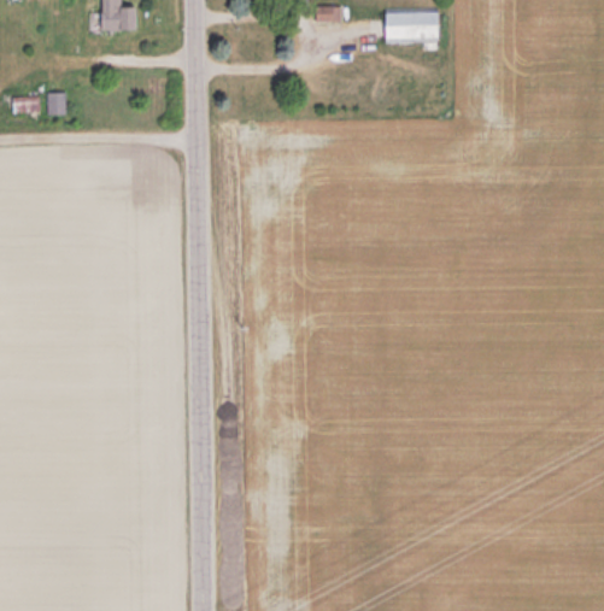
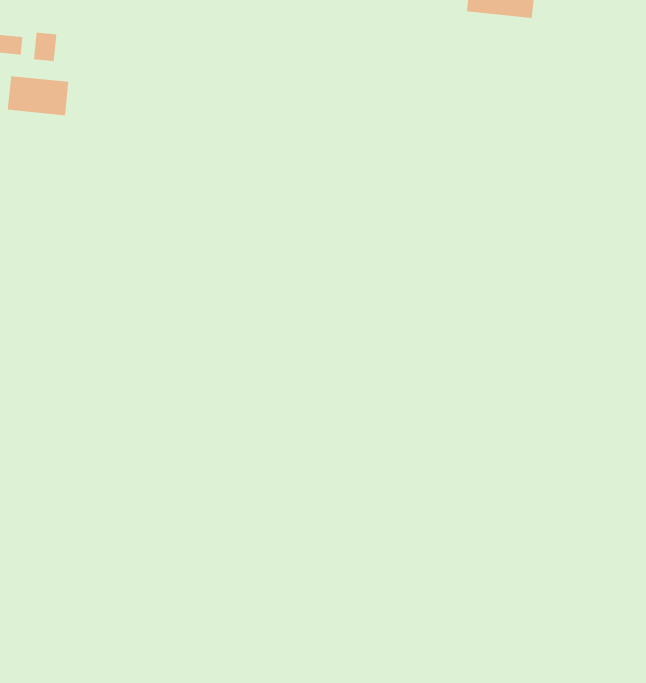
building: none -> [7,75,69,116]

